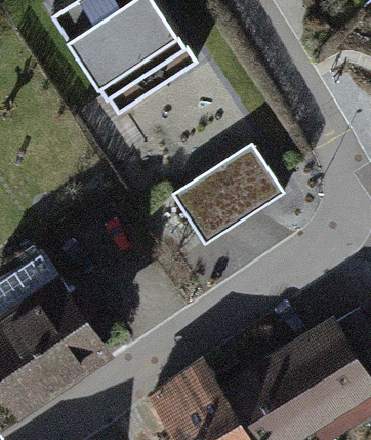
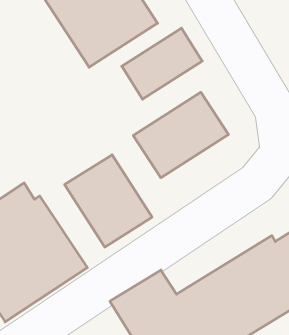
building: none -> [122,28,202,99]
building: none -> [65,155,152,247]

